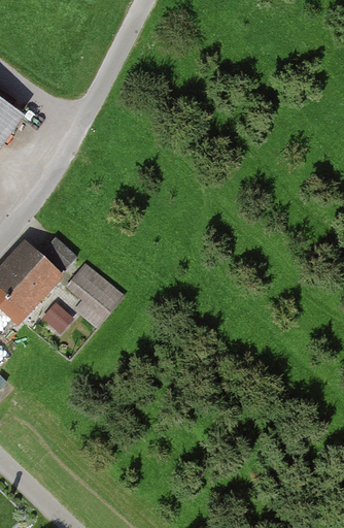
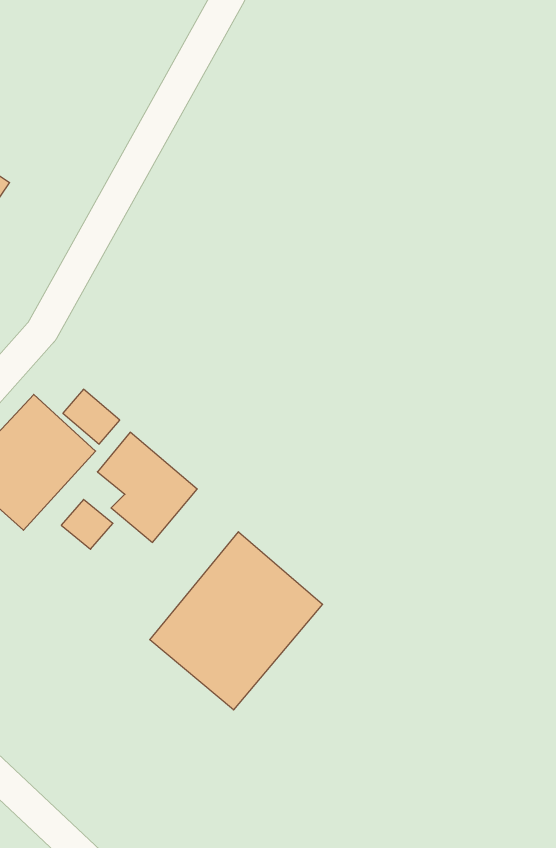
building: none -> [150,532,323,710]

